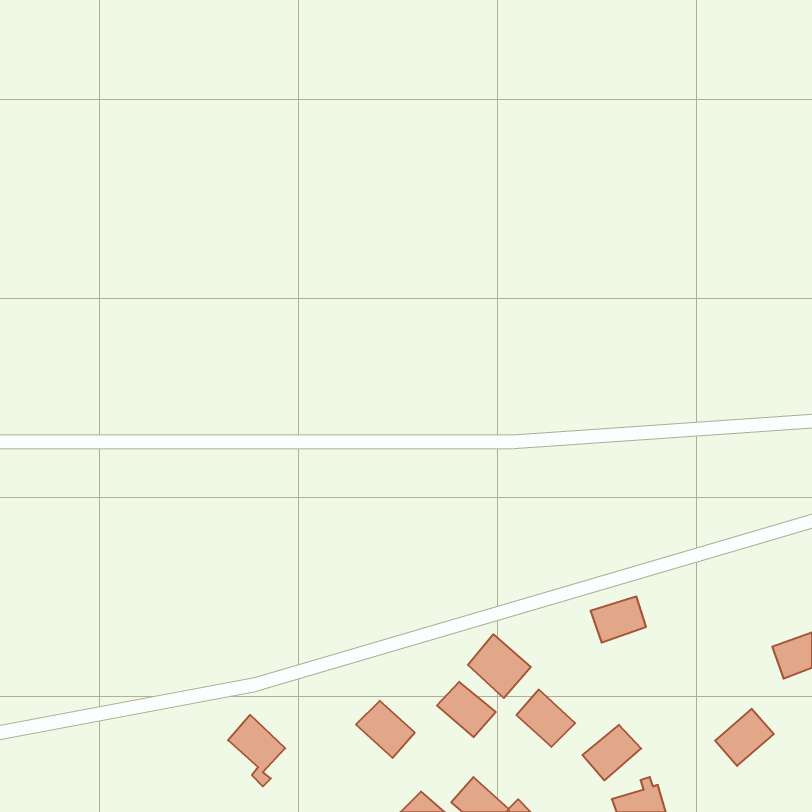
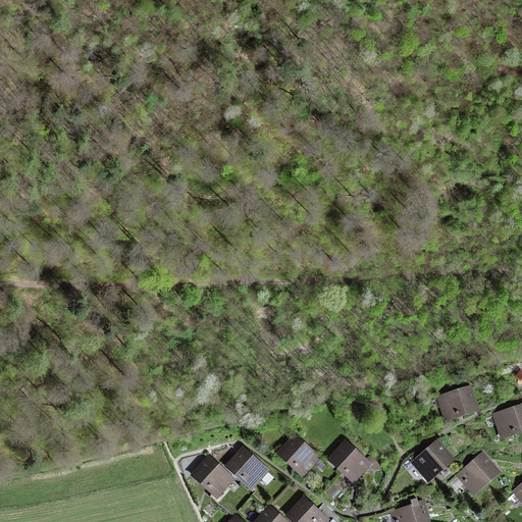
building: [590,597,646,643] -> [439,388,475,418]
building: [468,634,531,698] -> none
building: [228,715,285,786] -> [195,458,231,504]
building: [582,725,641,780] -> [414,442,452,478]

